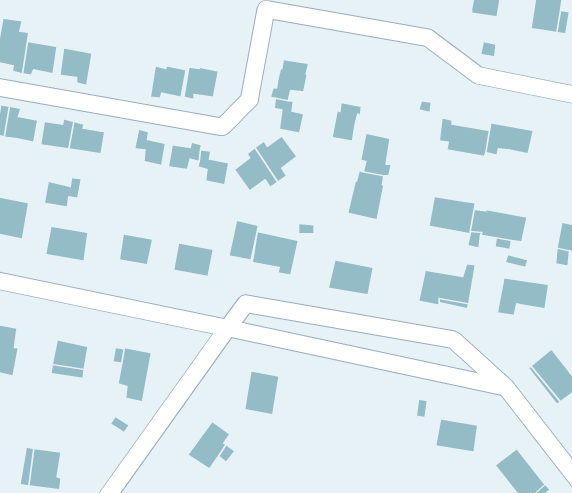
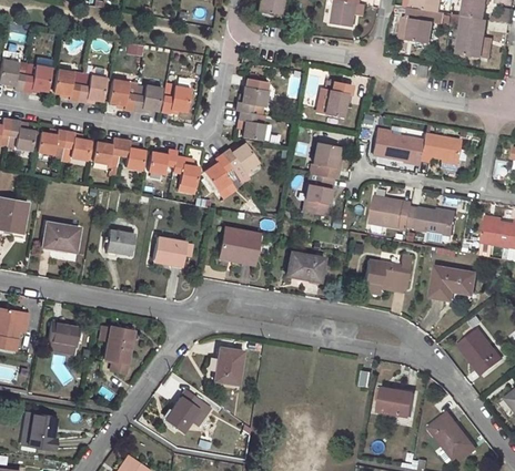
building: none -> [78,68,108,102]
building: none -> [110,79,137,111]
building: [332,103,362,141] -> [326,83,352,116]
building: [44,177,82,207] -> [90,137,122,163]
building: [229,220,259,260] -> none

